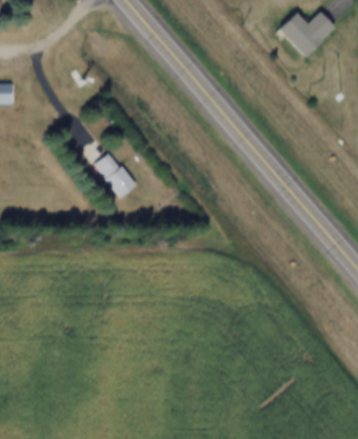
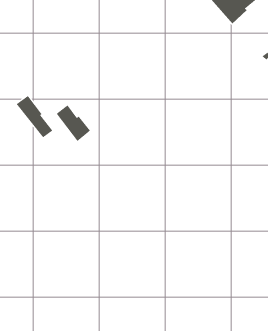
building: none -> [16,95,53,138]

